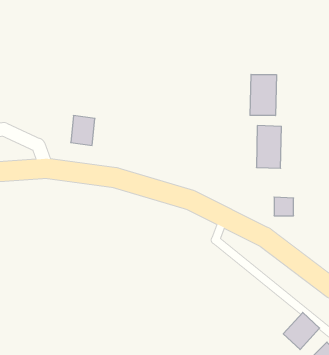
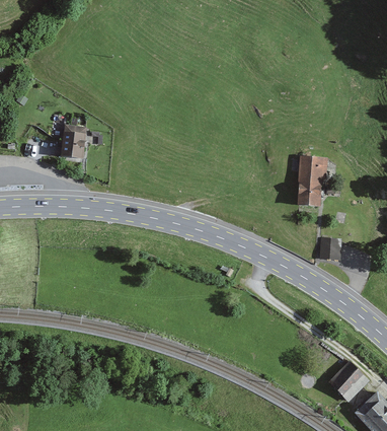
building: [250,74,276,116] -> none
building: [71,116,95,145] -> [61,124,87,156]

